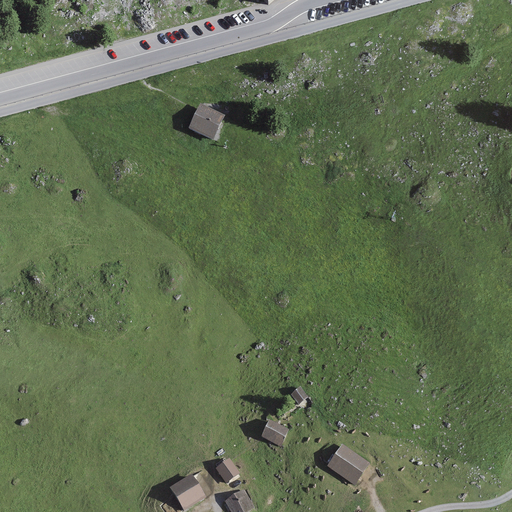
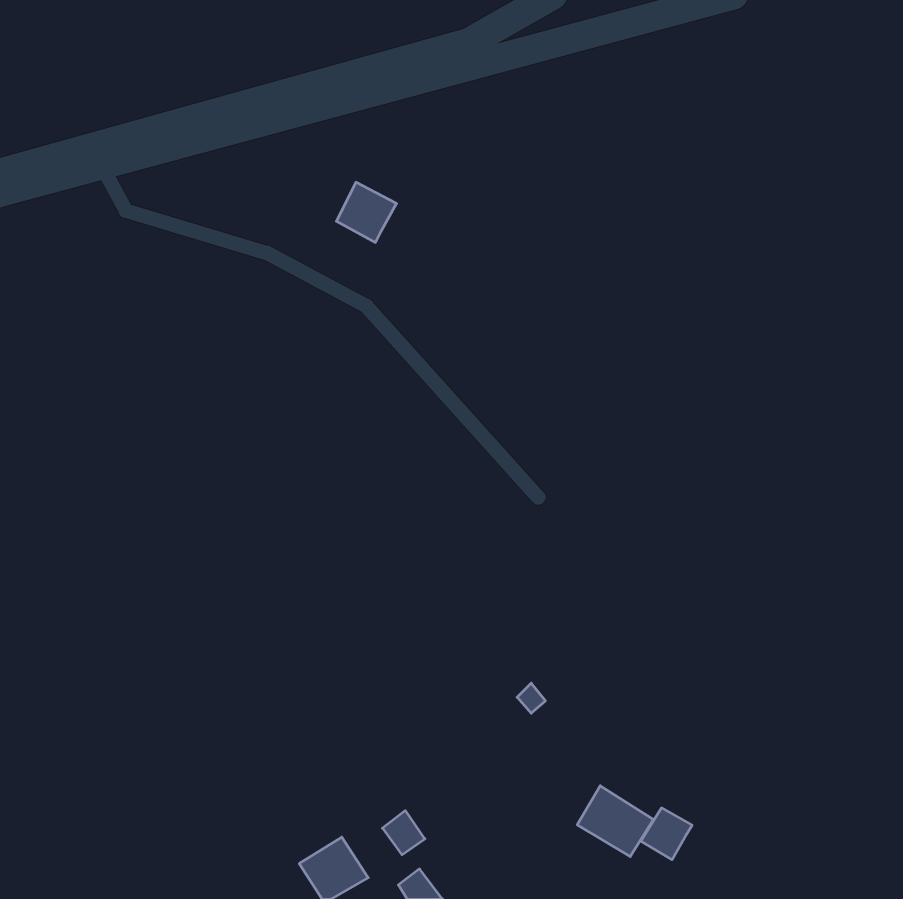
building: [261,419,288,445] -> none
building: none -> [641,808,692,860]

